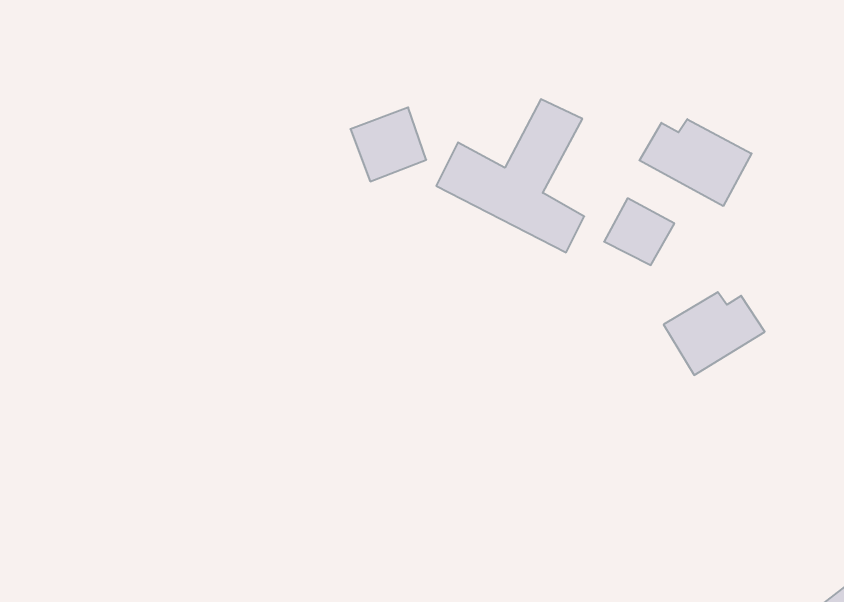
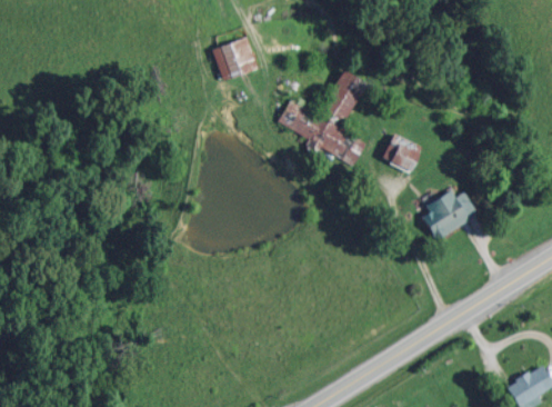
building: [350,107,426,181] -> [211,37,258,82]
building: [639,119,752,206] -> none

